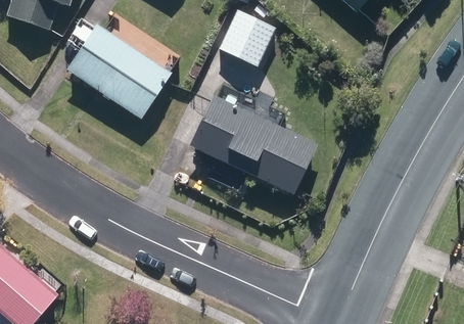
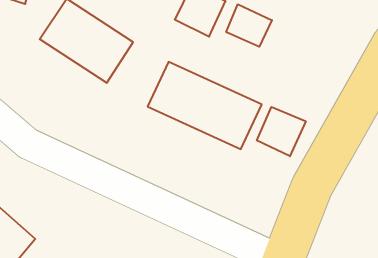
building: none -> [226,4,272,47]
building: none -> [257,107,306,156]

